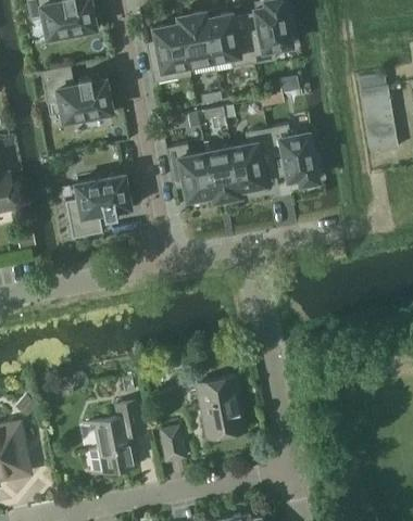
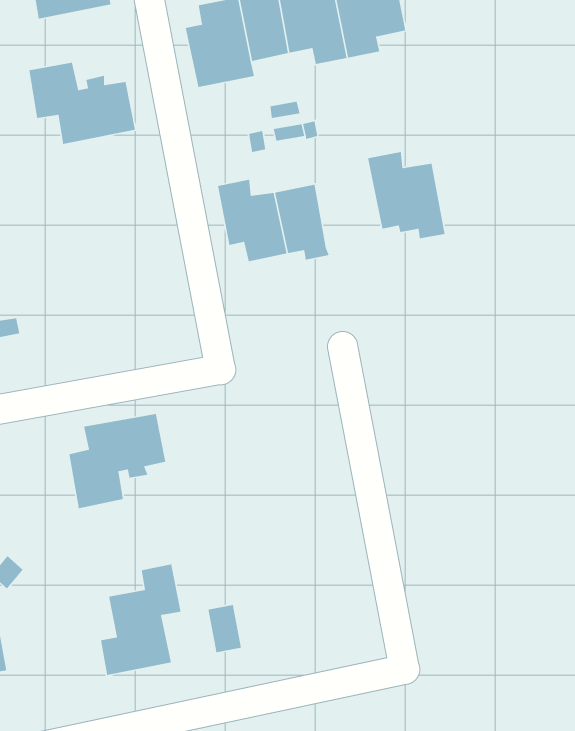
building: [359,75,398,153] -> none
building: [233,130,277,190] -> none
building: [66,175,132,239] -> [69,413,166,509]
building: [197,377,246,439] -> none

